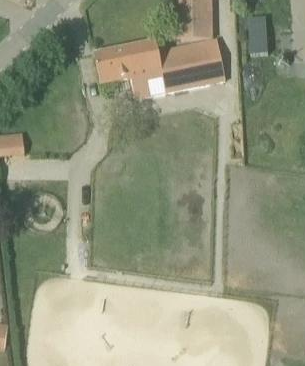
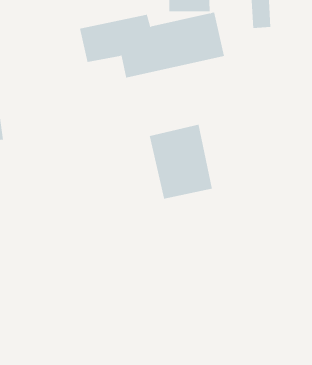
building: none -> [149,124,213,199]

